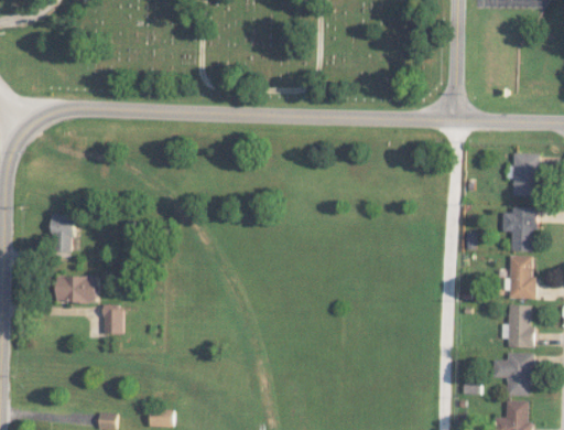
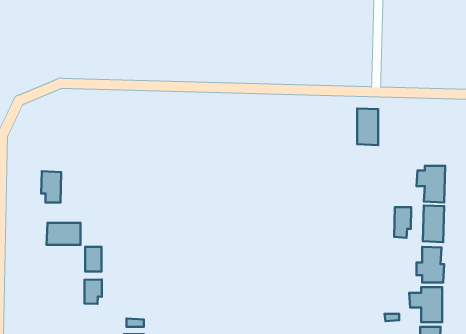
building: [512,152,538,196] -> [357,108,378,145]
building: none -> [394,207,411,238]
building: none -> [84,279,102,304]

